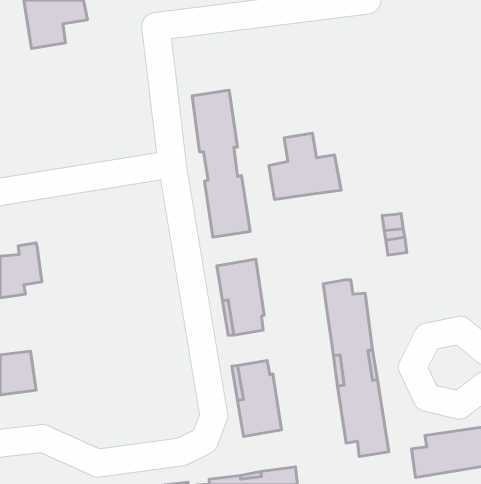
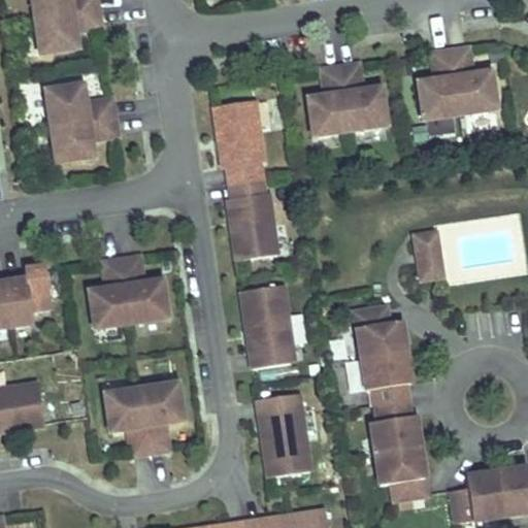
building: none -> [417,45,495,118]
building: none -> [44,84,117,162]
building: [269,133,341,200] -> [307,62,386,134]
building: none -> [89,256,167,327]
building: none -> [105,383,184,454]

